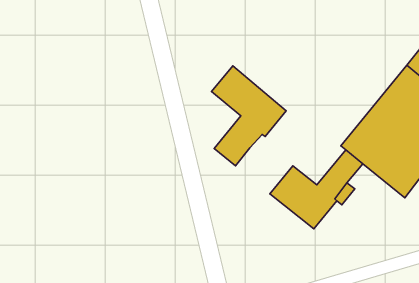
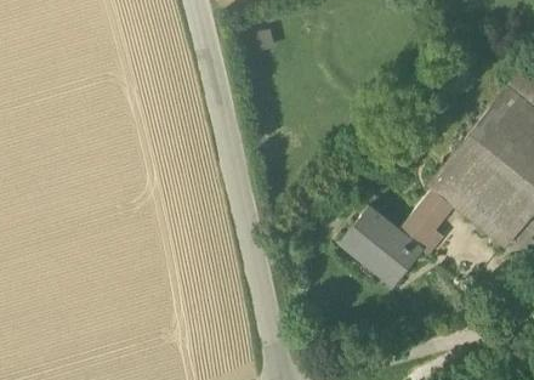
building: [212,66,286,166] -> none

